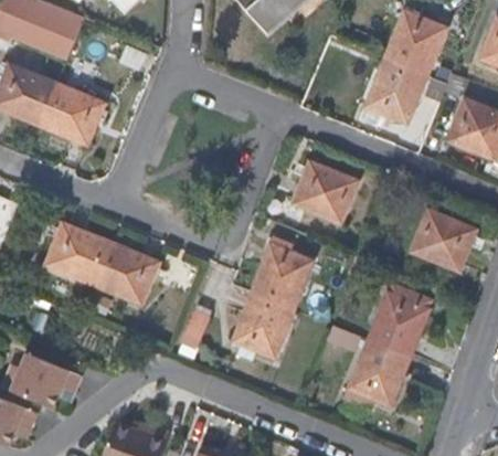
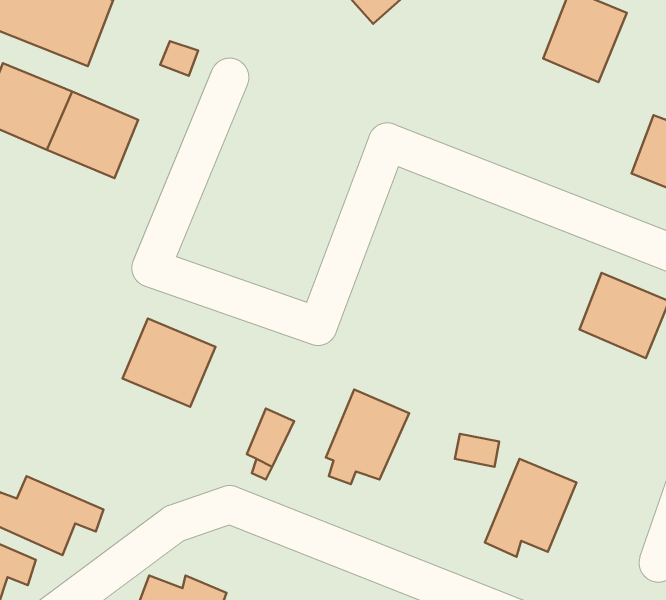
building: [363,60,425,125] -> none
building: [293,159,358,222] -> none
building: [43,222,109,284] -> none
building: [254,244,312,308] -> none
building: [370,285,431,357] -> none

